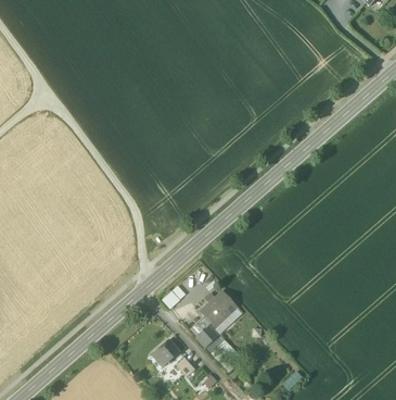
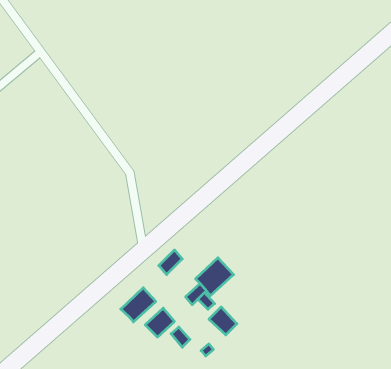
building: none -> [121,288,156,322]

